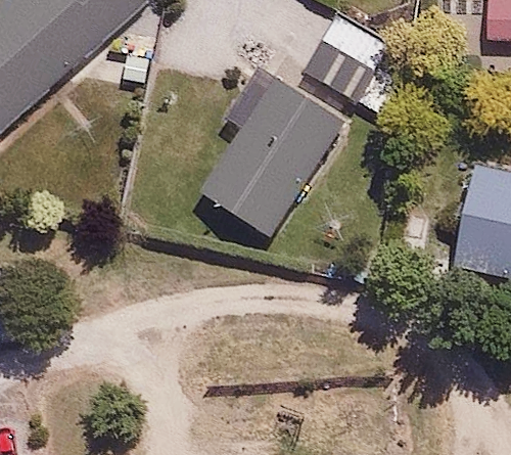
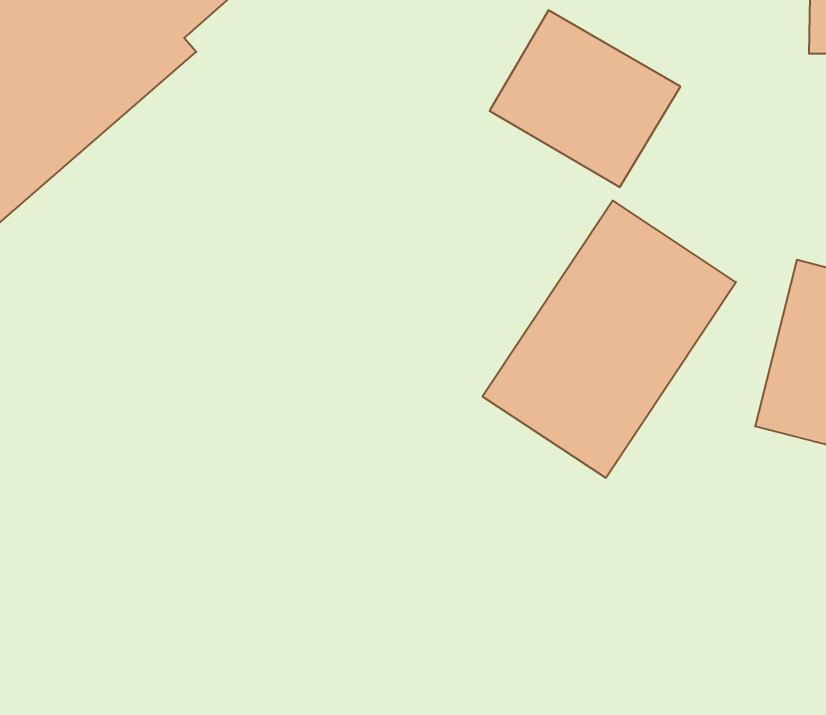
building: [198,75,347,238] -> [483,201,736,478]

